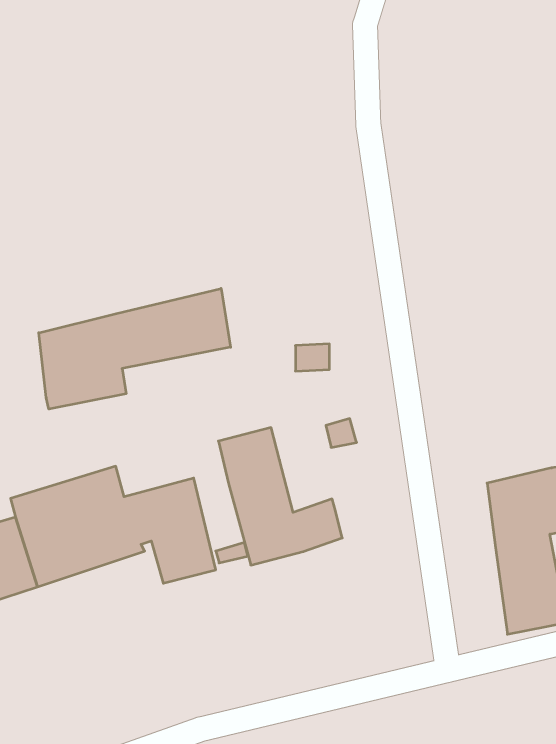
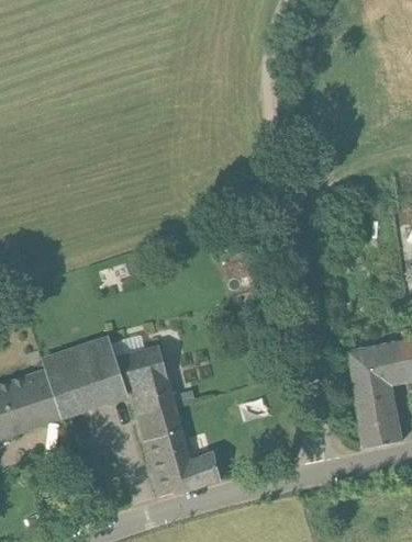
building: [39,288,231,409] -> none
building: [218,428,342,565] -> [140,407,220,496]

